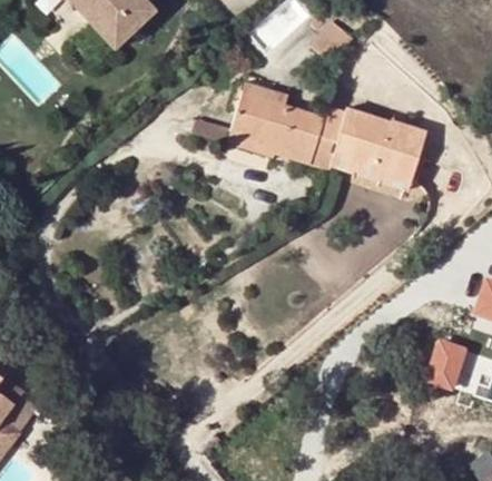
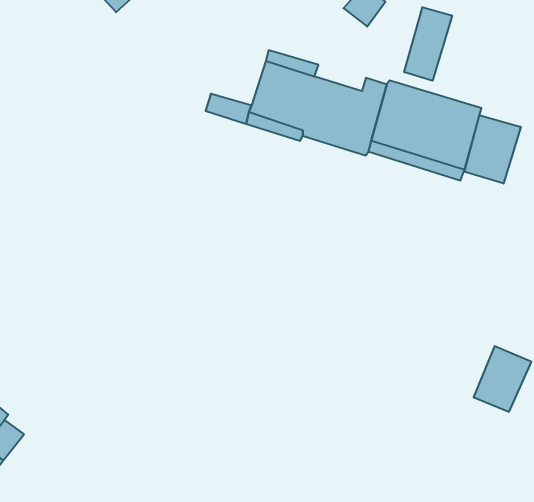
building: none -> [404,7,452,81]
building: none -> [464,115,521,184]

